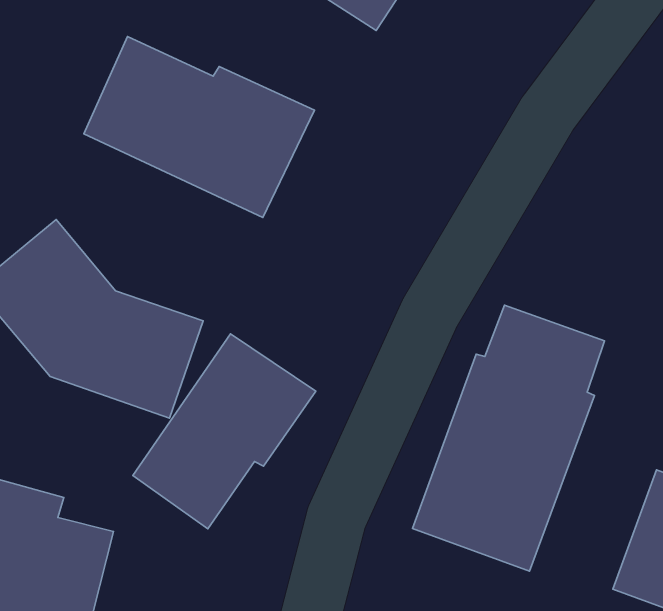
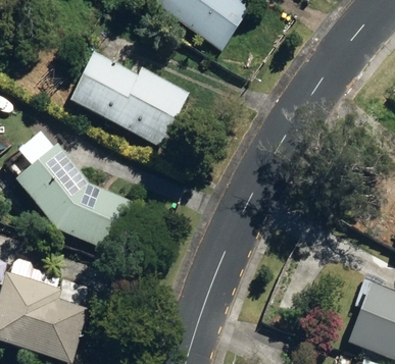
building: [413,305,604,571] -> none
building: [133,334,316,529] -> none

